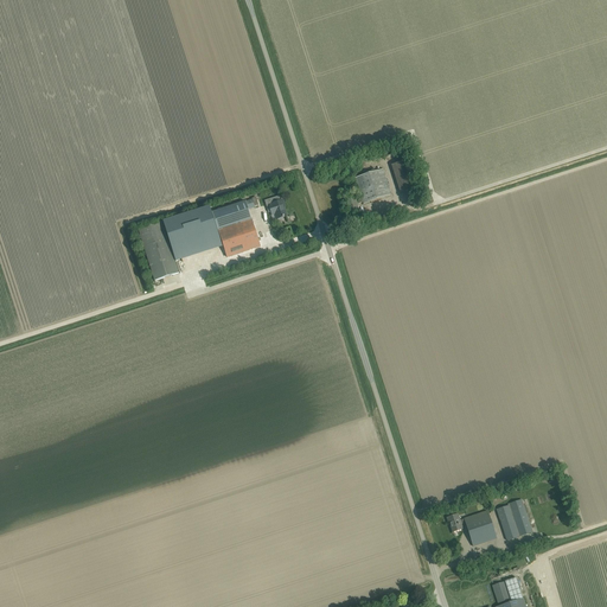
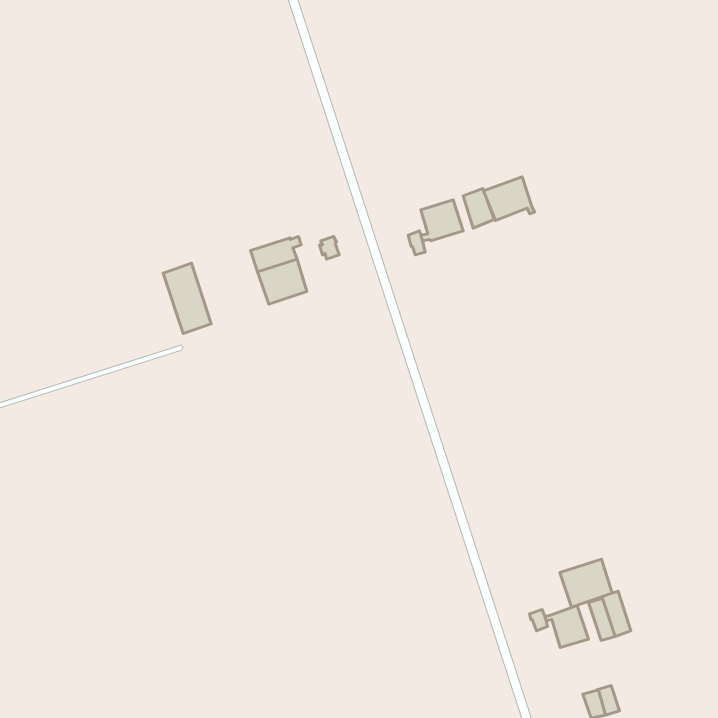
building: none -> [484,177,535,221]
building: [162,206,218,250] -> none
building: none -> [560,559,612,607]

